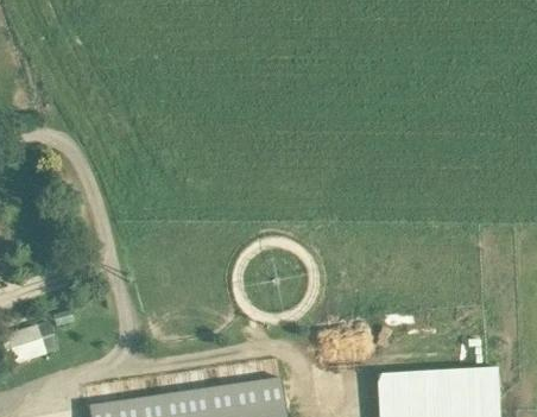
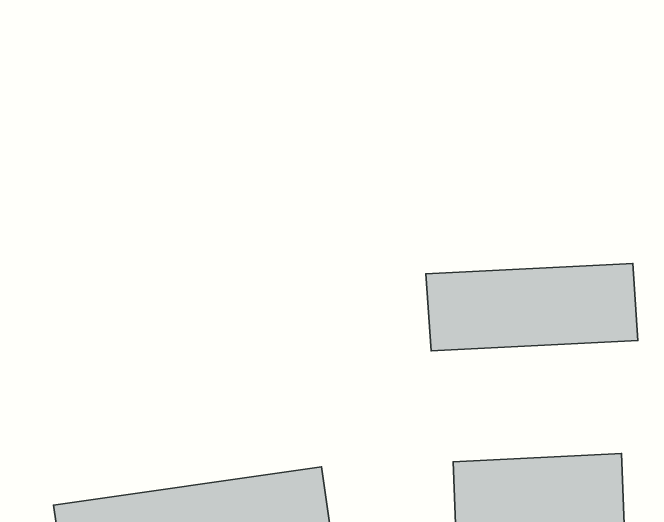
building: none -> [426,263,638,351]

